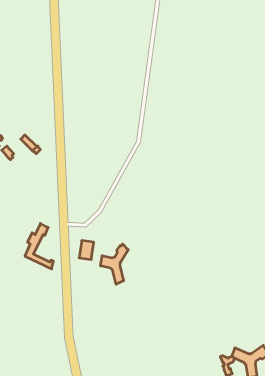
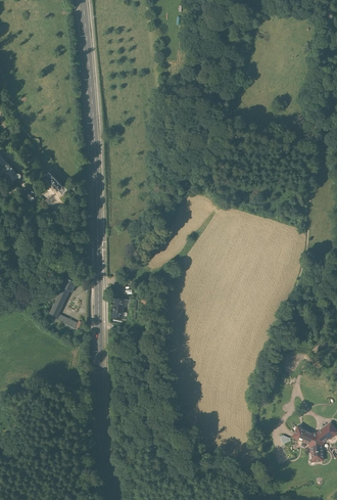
building: [101,244,128,284] -> none

